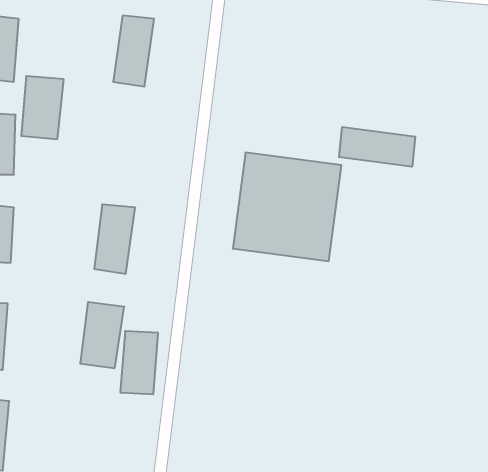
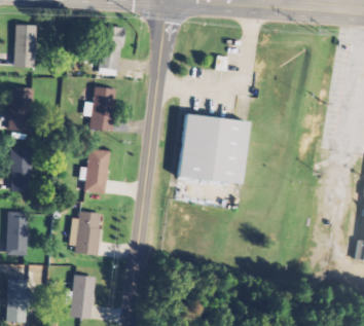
building: [21,76,64,139] -> [90,88,118,130]
building: [339,127,415,167] -> none
building: [120,331,158,394] -> [71,275,96,316]

